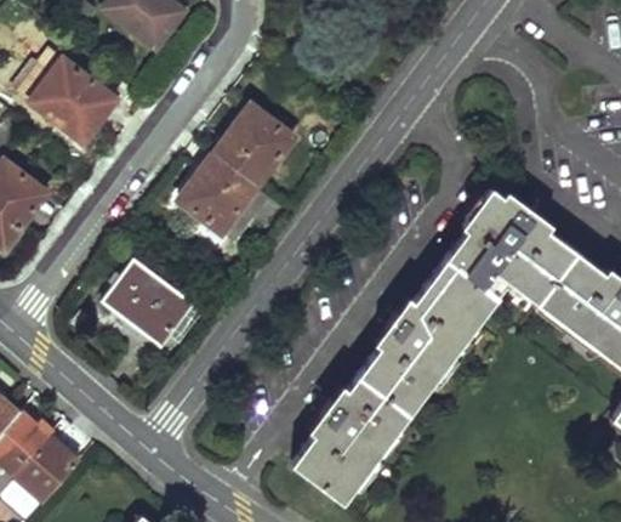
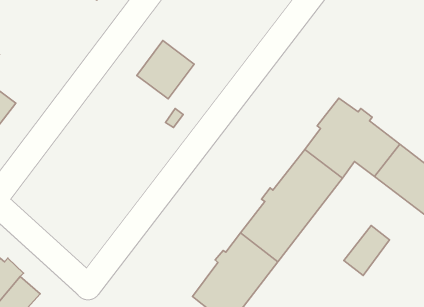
building: [33,59,107,140] -> none
building: [178,155,256,234] -> none
building: [101,260,192,346] -> none
building: none -> [344,225,390,275]

